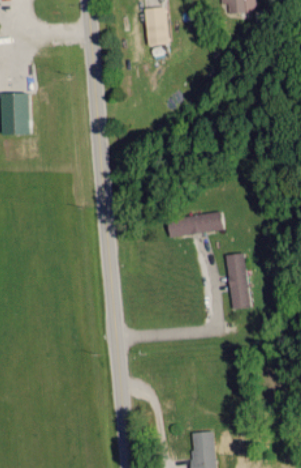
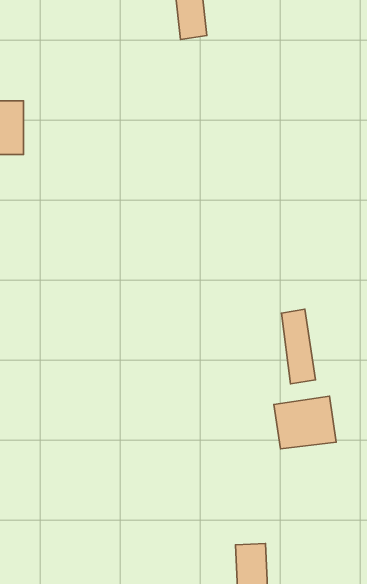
building: [167,211,224,238] -> none
building: none -> [274,396,336,449]

